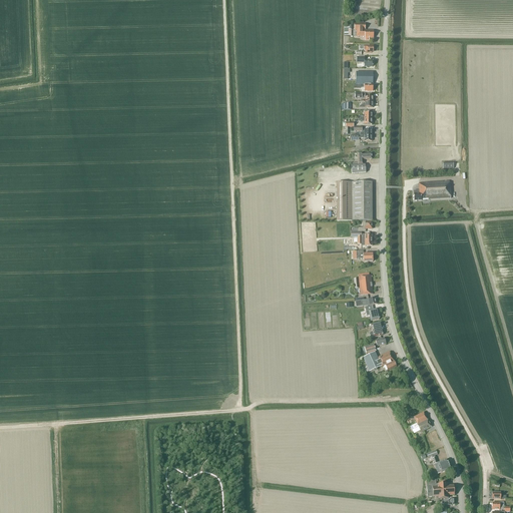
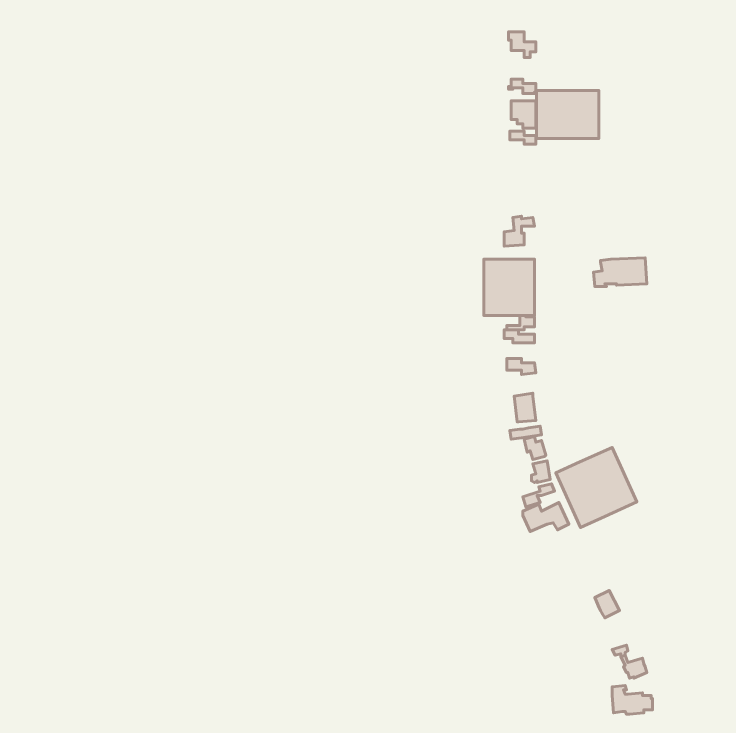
building: none -> [537,90,599,139]
building: none -> [556,447,637,528]

